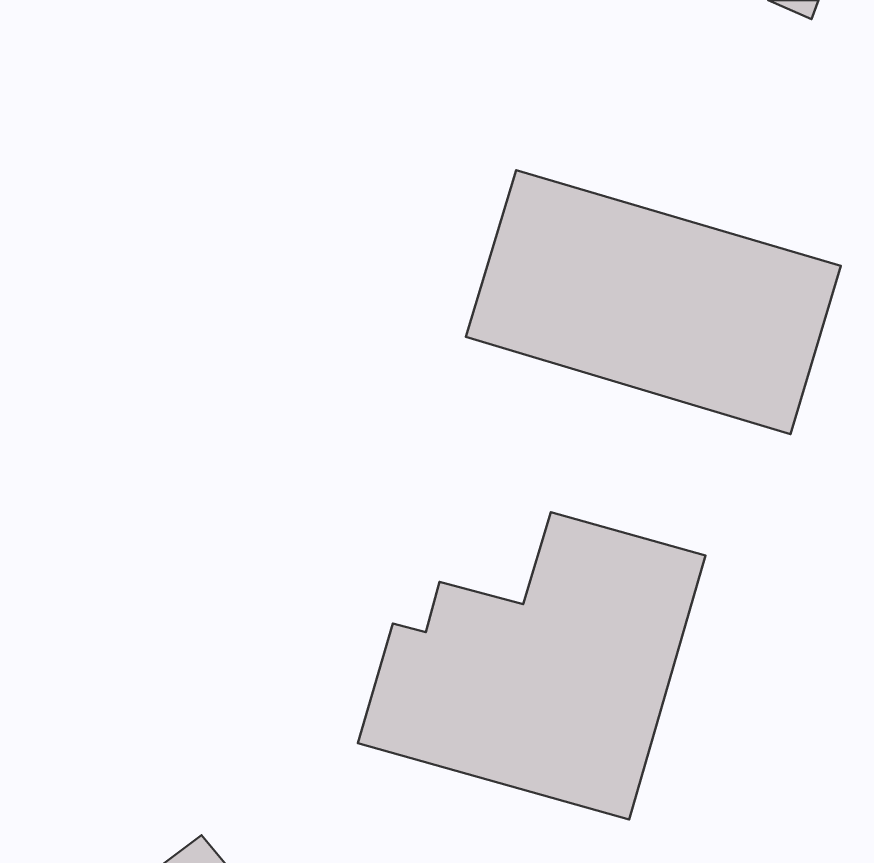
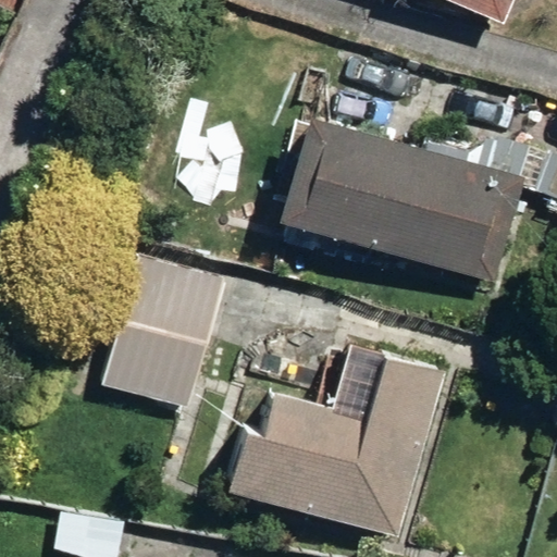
building: none -> [101,259,228,414]

